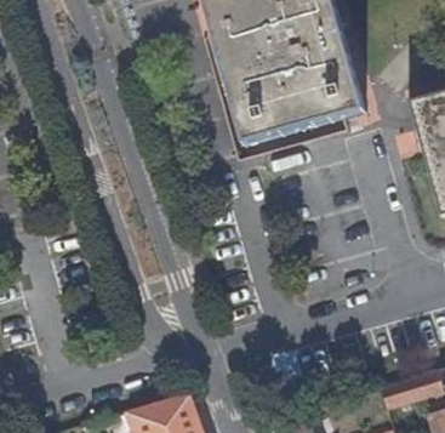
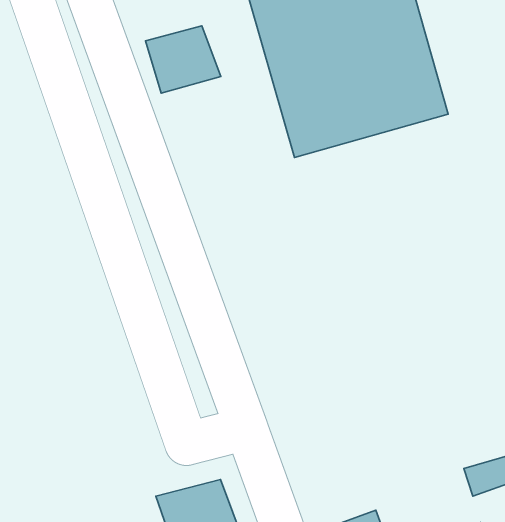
building: none -> [146,26,221,93]

